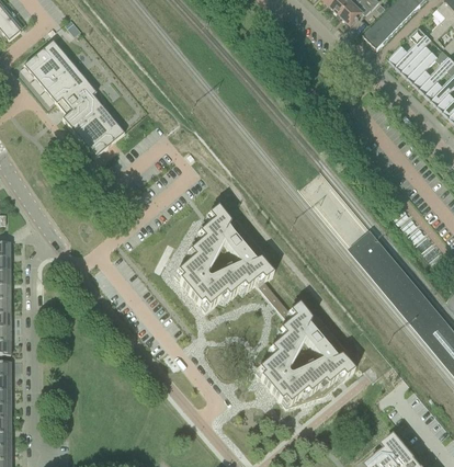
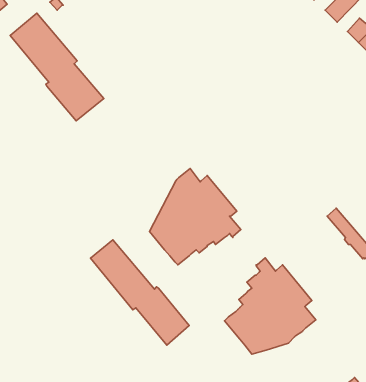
building: none -> [90,240,189,345]

